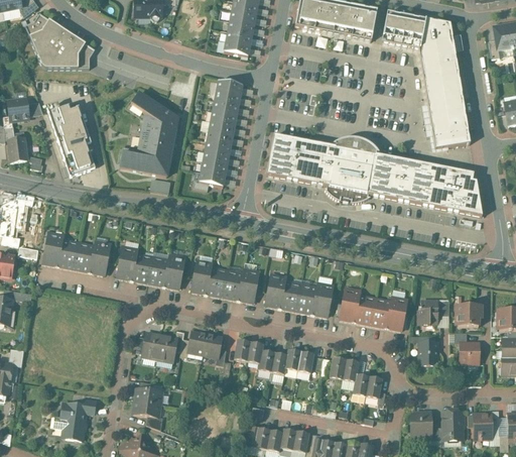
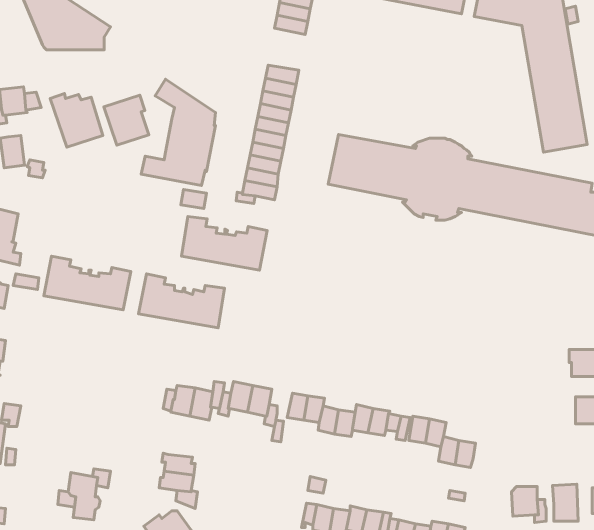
building: [60,136,96,176] -> [104,95,149,145]
building: [191,259,259,302] -> [181,216,267,270]
building: [265,273,333,316] -> none
building: [340,287,407,330] -> none
building: [418,301,442,322] -> none
building: [419,335,437,365] -> none

